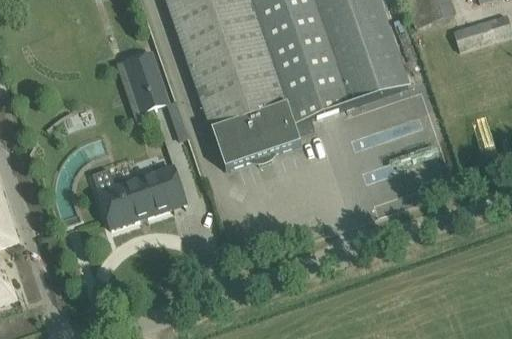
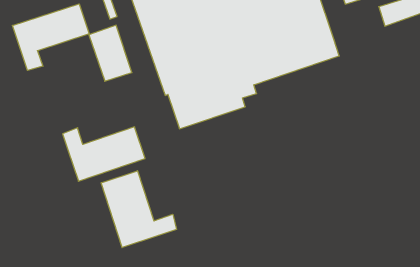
building: none -> [12,4,89,70]
building: none -> [101,171,176,248]

